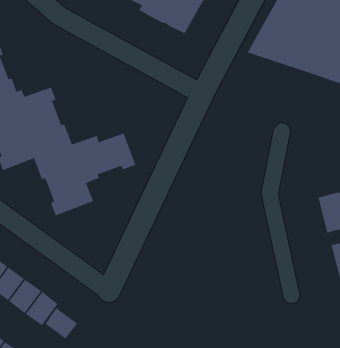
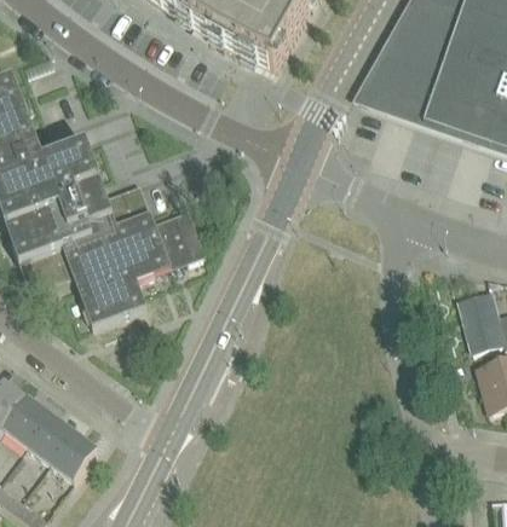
building: [45,307,78,340] -> none

